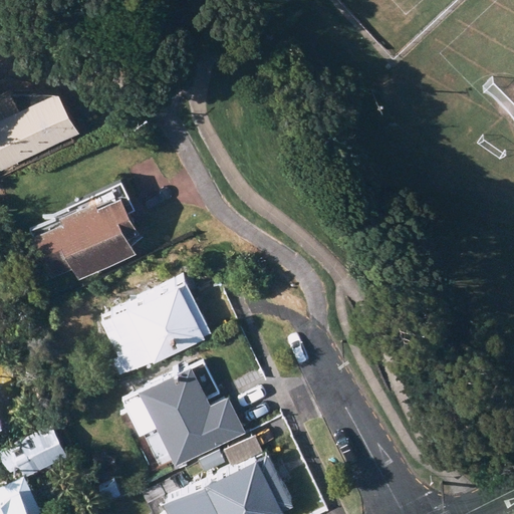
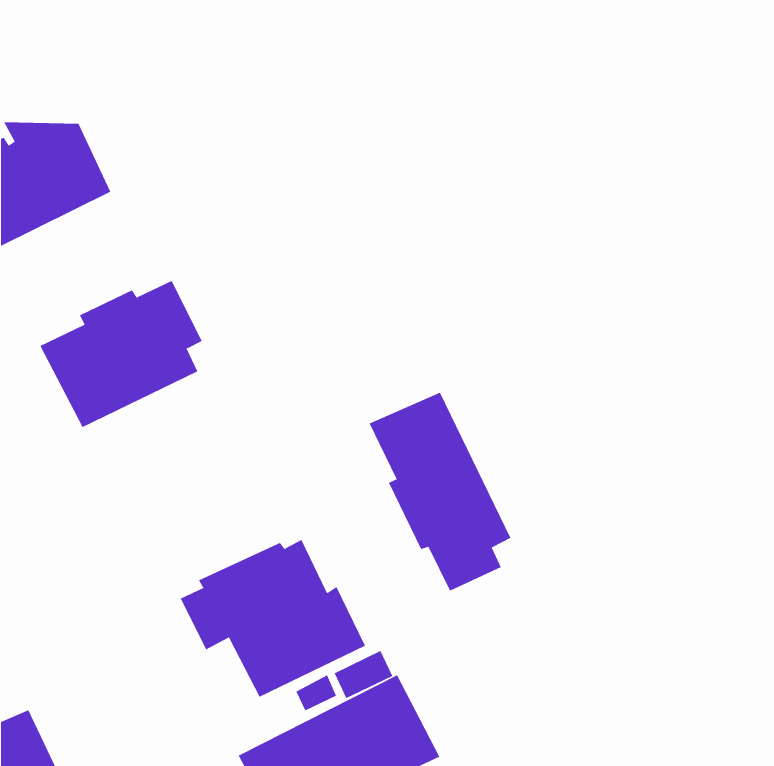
building: none -> [369,392,511,592]
building: [98,279,209,377] -> none
building: [18,424,72,474] -> none

